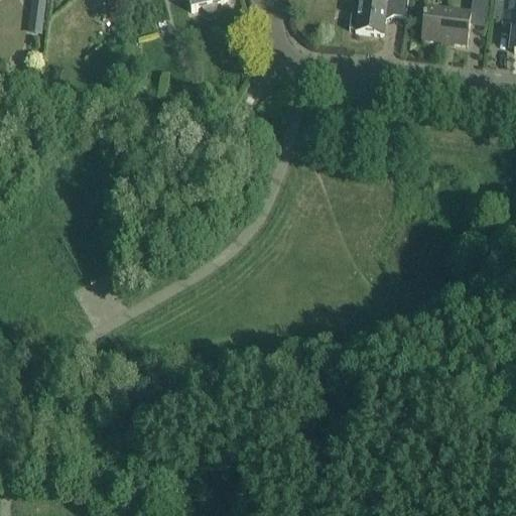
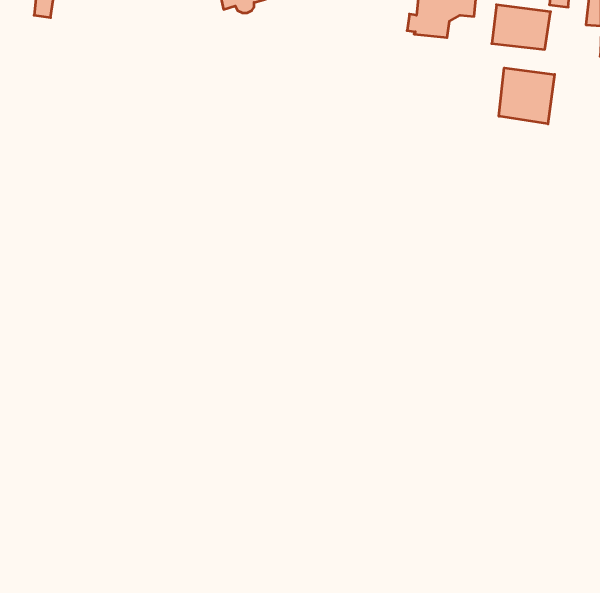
building: none -> [499,68,555,124]

